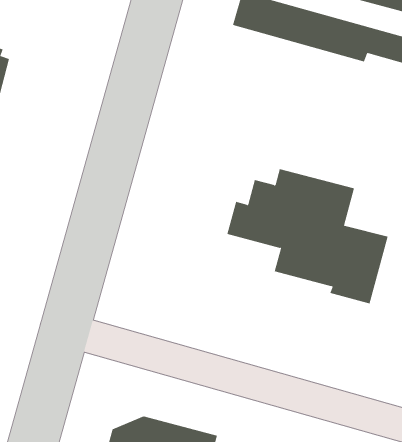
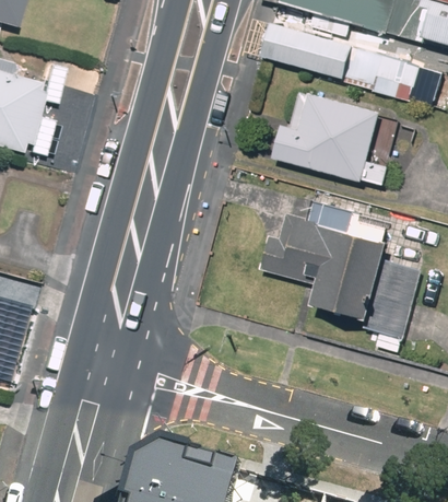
building: none -> [270,91,375,180]

